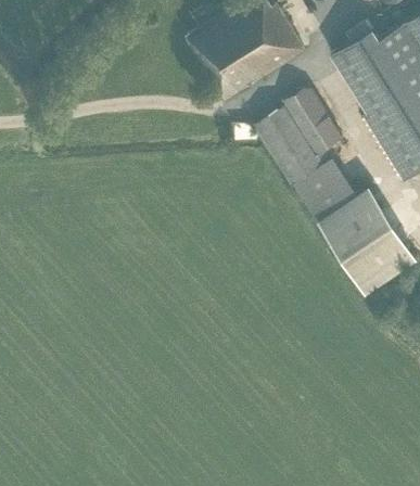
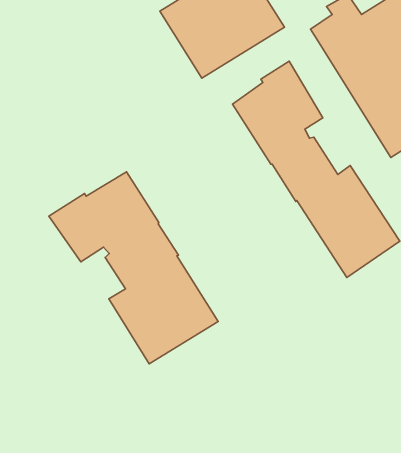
building: none -> [49,172,218,364]

